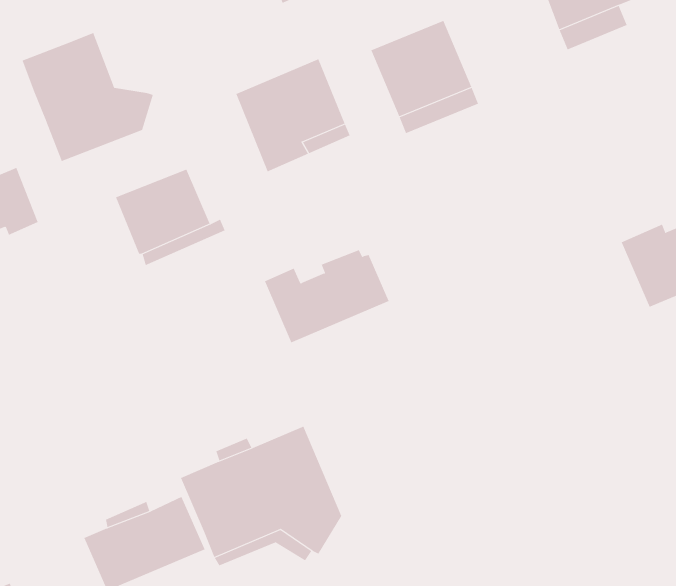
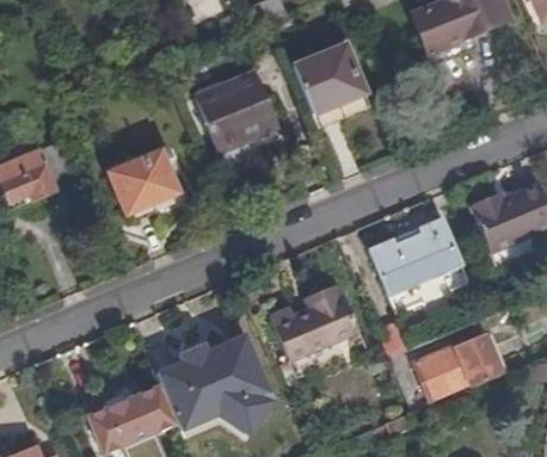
building: [22,32,154,162] -> none
building: [264,250,389,343] -> [269,291,358,358]
building: none -> [369,216,469,310]
building: none -> [416,334,503,395]

